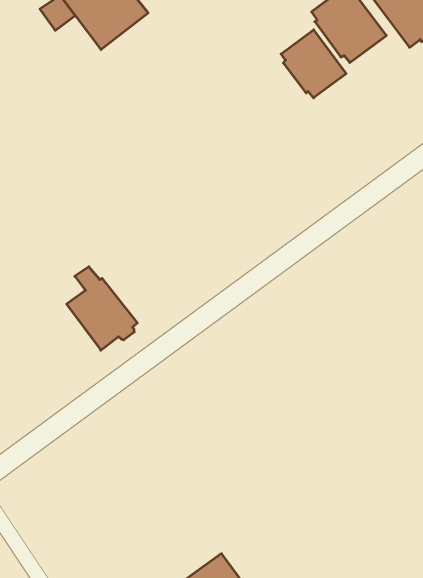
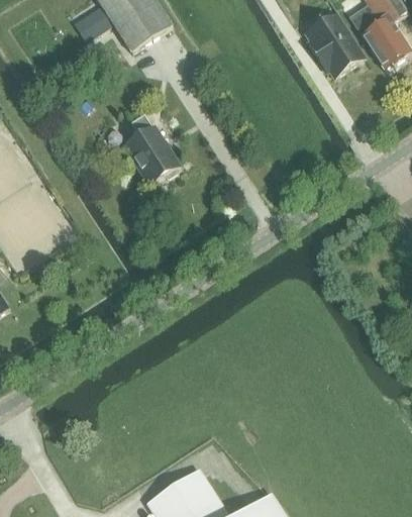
building: [281,30,346,98] -> none
building: [67,267,137,350] -> [122,114,179,183]

